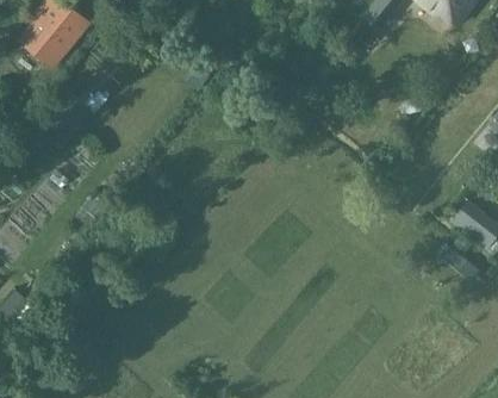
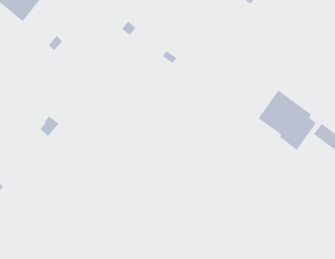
building: none -> [258,89,317,151]

